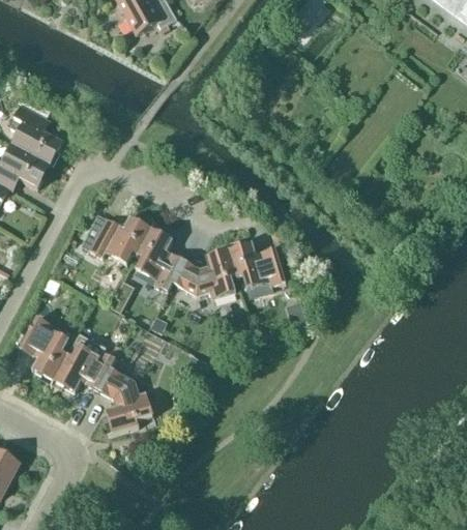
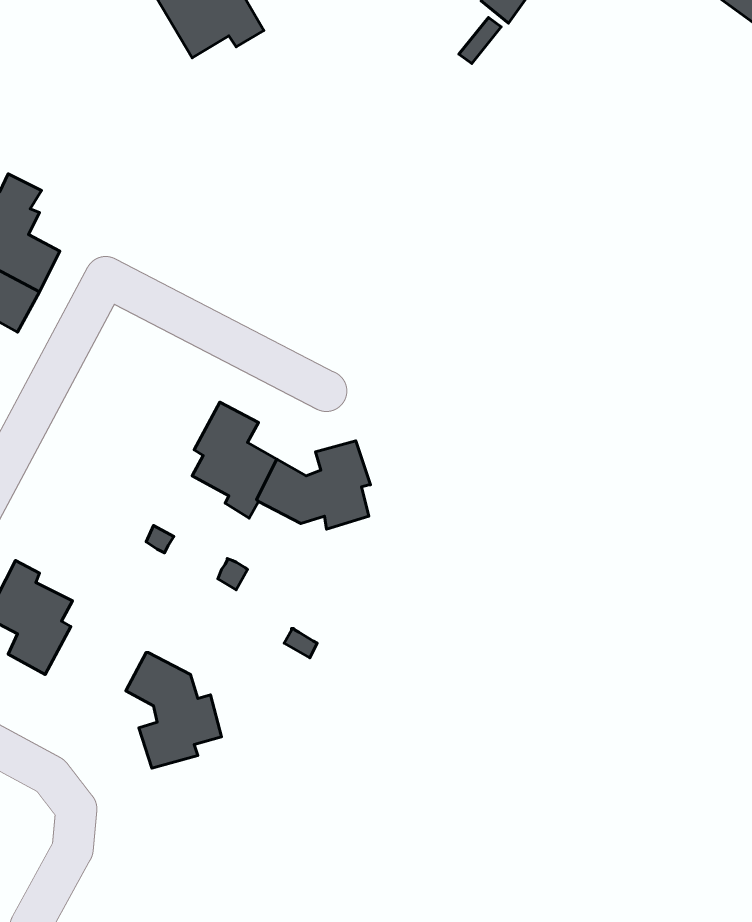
building: [78,215,151,263] -> none
building: [228,241,286,288] -> none
building: [53,344,116,391] -> none

